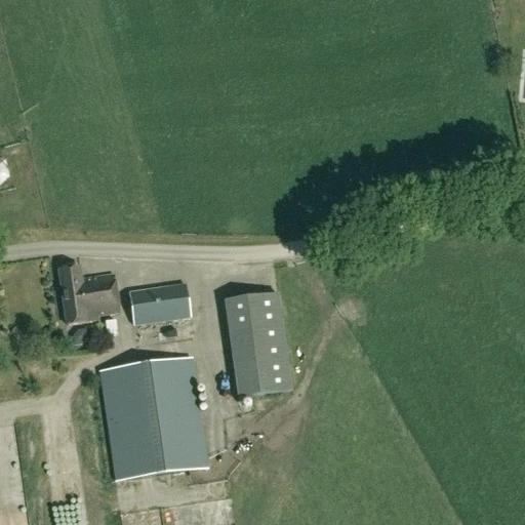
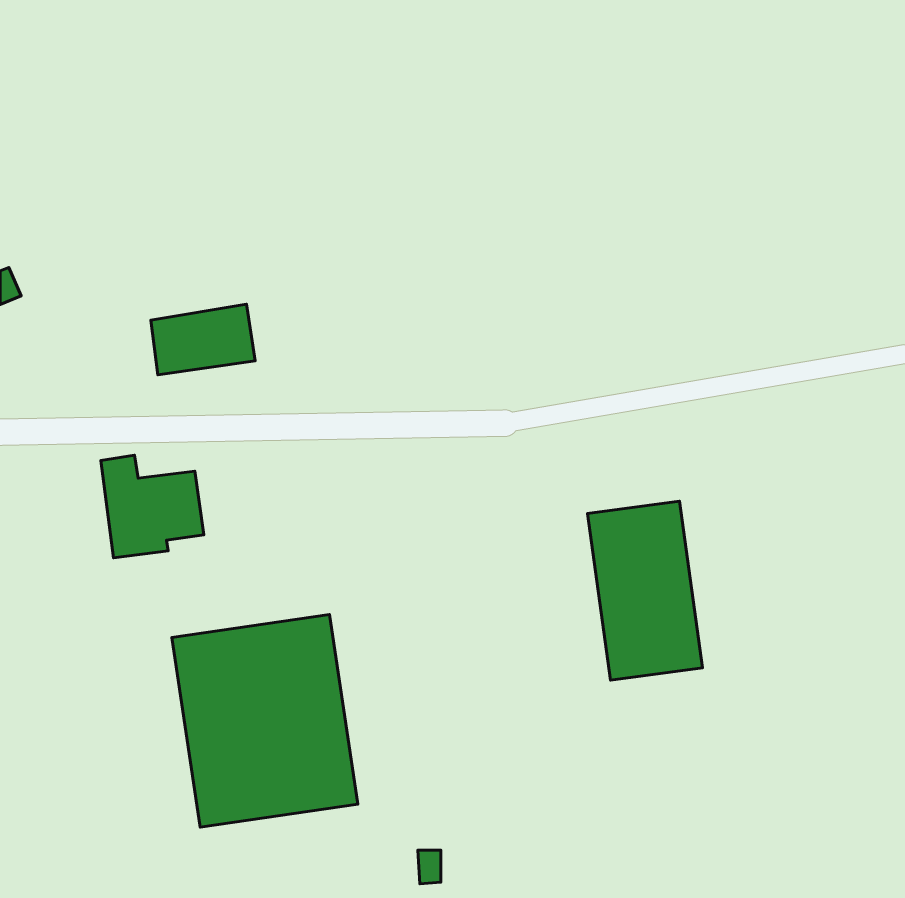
building: [129,282,190,323] -> [151,304,255,375]
building: [224,291,290,395] -> [587,501,703,680]

